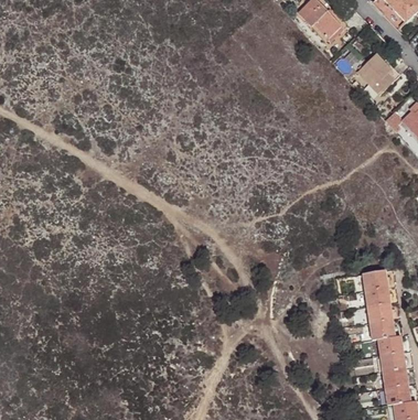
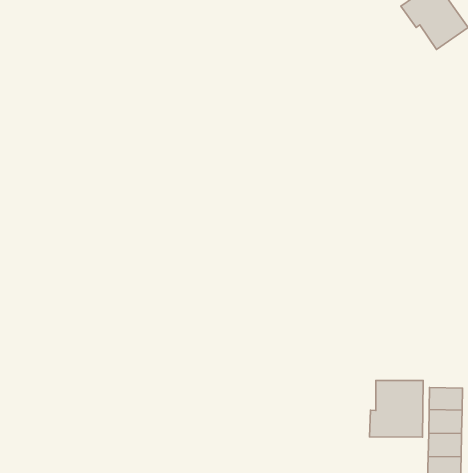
building: none -> [370,380,423,437]

